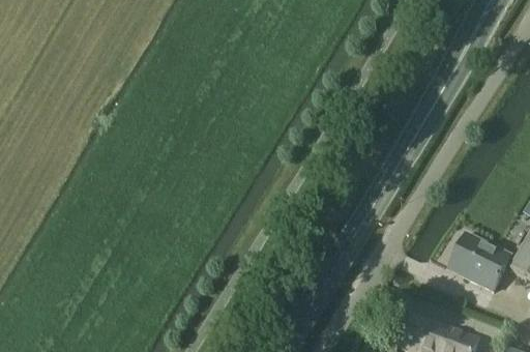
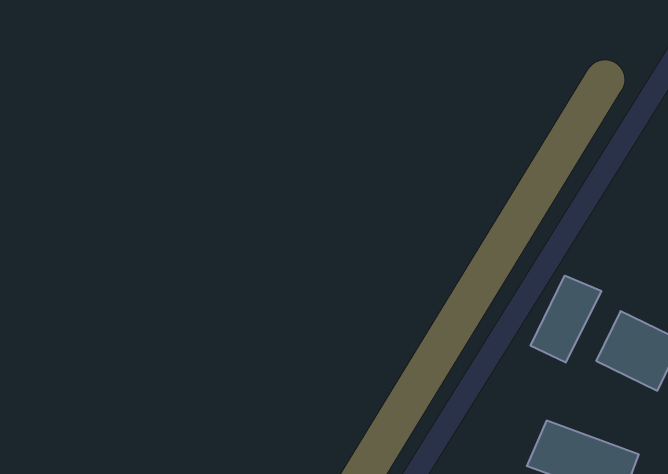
building: none -> [531,276,601,363]

